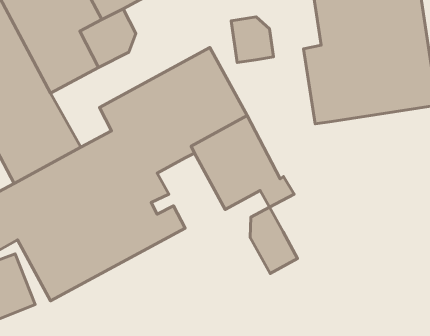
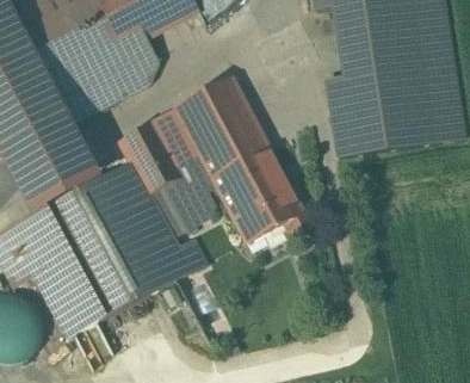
building: [231,17,273,62] -> none
building: none -> [178,190,215,227]
building: [250,207,298,274] -> none

